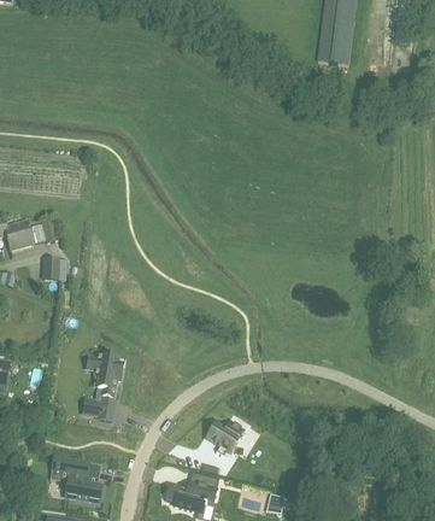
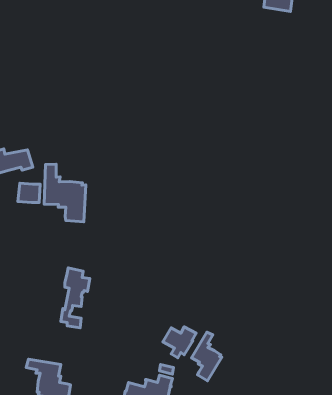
building: none -> [44,164,86,222]
building: none -> [192,332,222,381]

